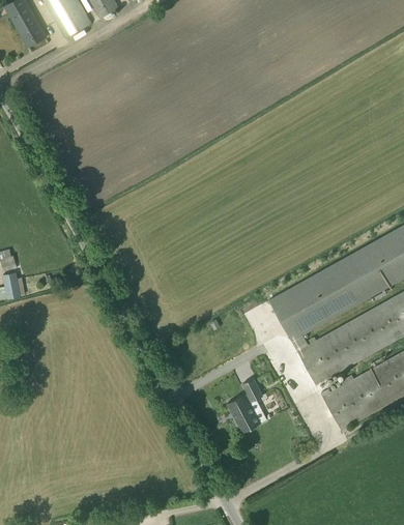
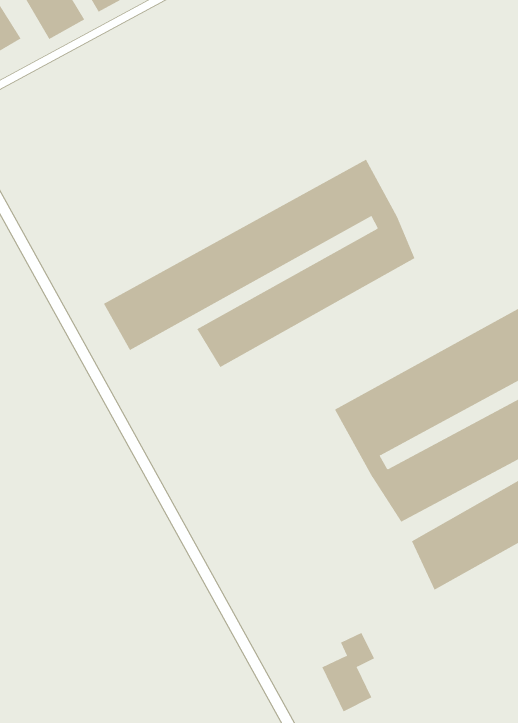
building: none -> [103,159,415,368]
building: [227,376,265,433] -> [321,632,375,712]

